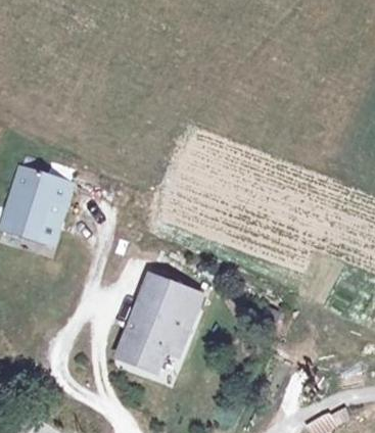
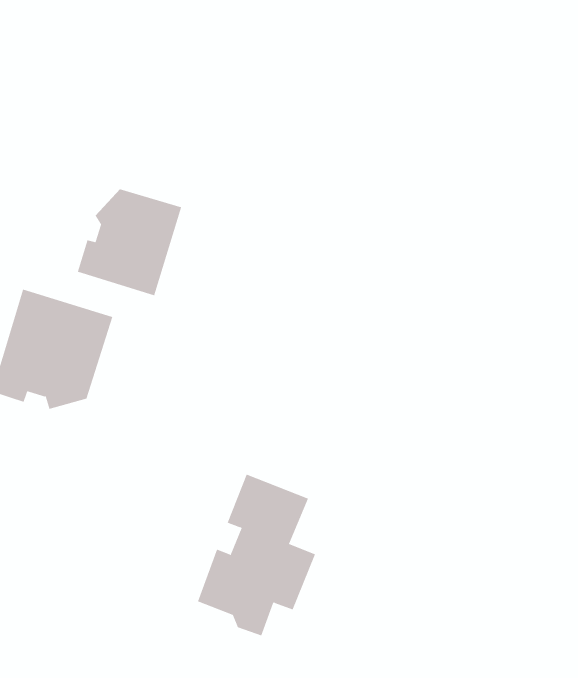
building: none -> [77,188,182,296]

